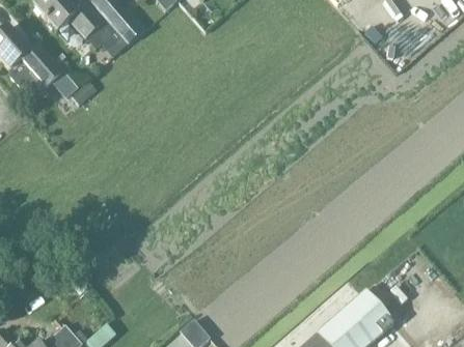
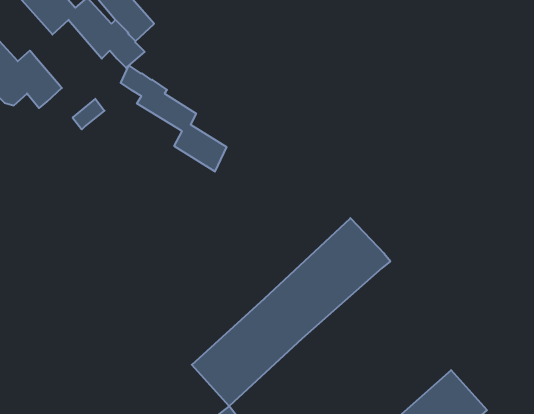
building: none -> [121,65,226,172]
building: none -> [192,218,390,406]

